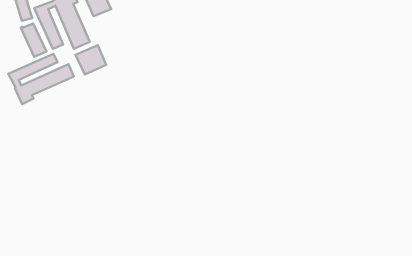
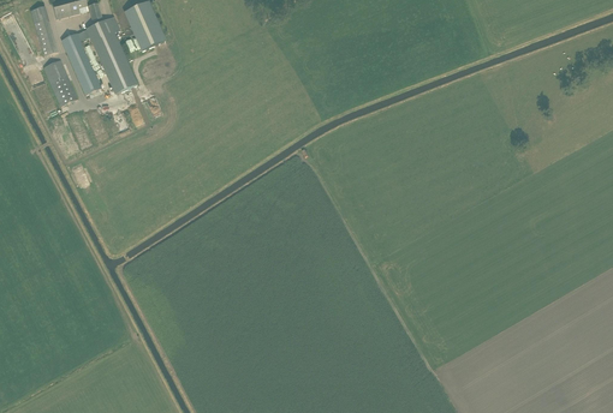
building: [75,45,106,75] -> none
building: [8,54,74,104] -> none

